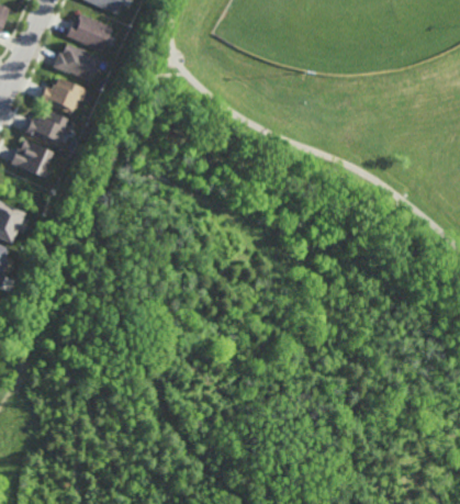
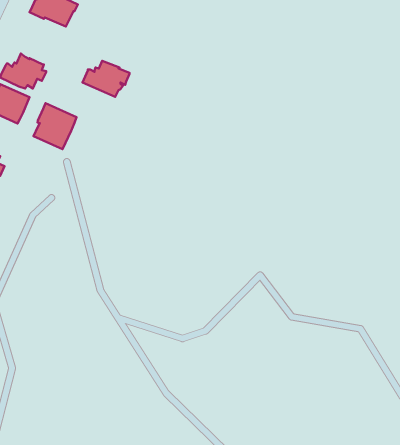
building: [38,78,86,114] -> [82,61,129,97]
building: none -> [34,103,77,149]

